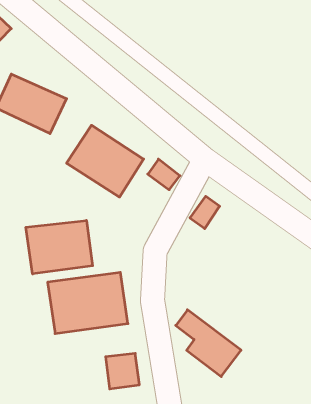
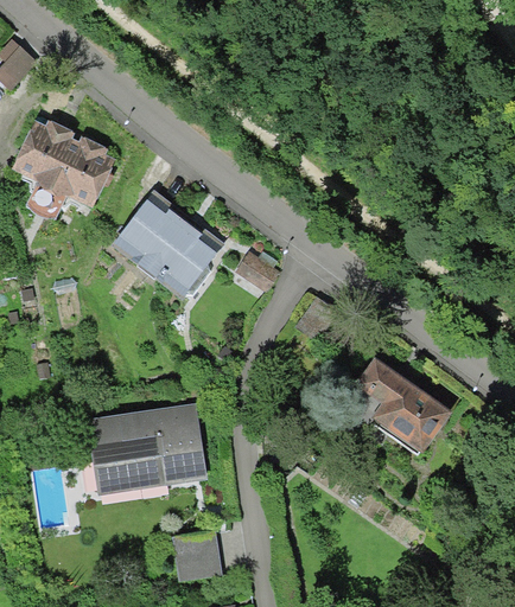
building: [26,220,93,274] -> none
building: [176,310,241,377] -> [348,354,441,451]

